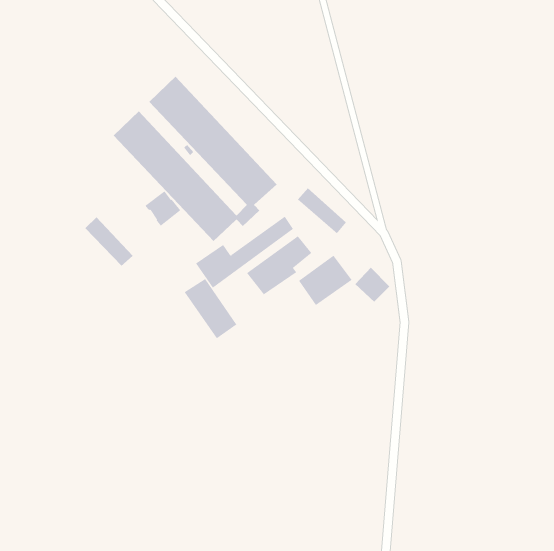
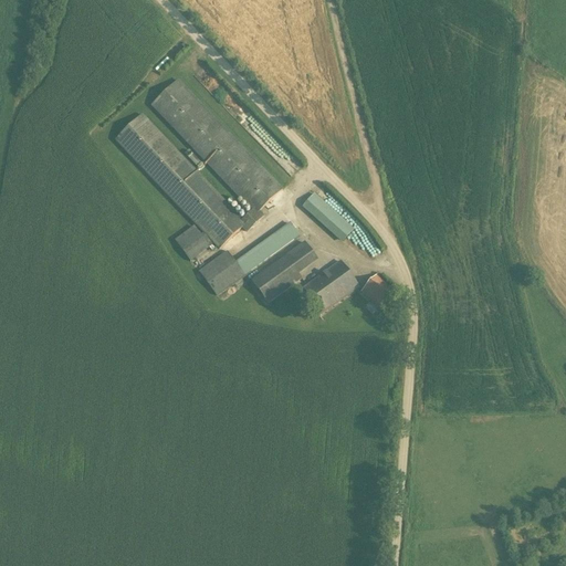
building: [144,191,181,226] -> [174,223,211,260]
building: [85,216,134,266] -> none
building: [184,278,237,339] -> none

